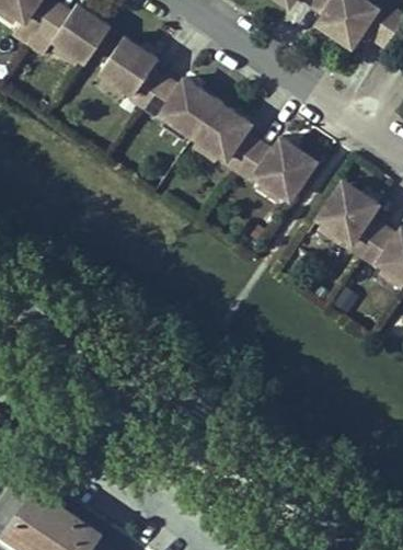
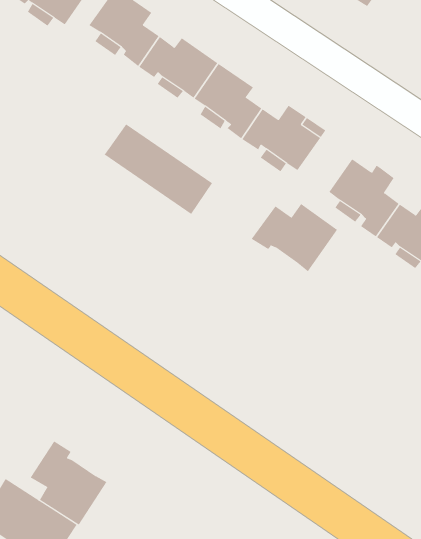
building: none -> [104,124,213,215]
building: none -> [251,203,338,272]
building: none -> [30,441,107,525]

